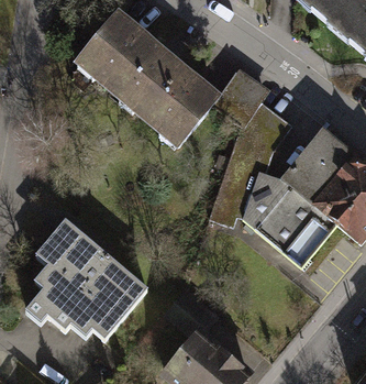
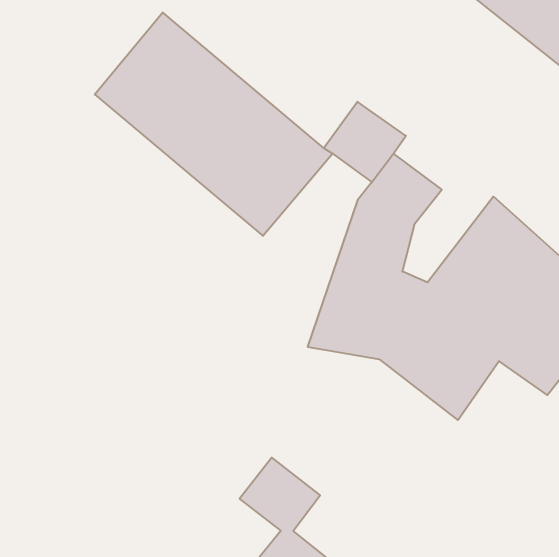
building: [27,215,148,334] -> none

